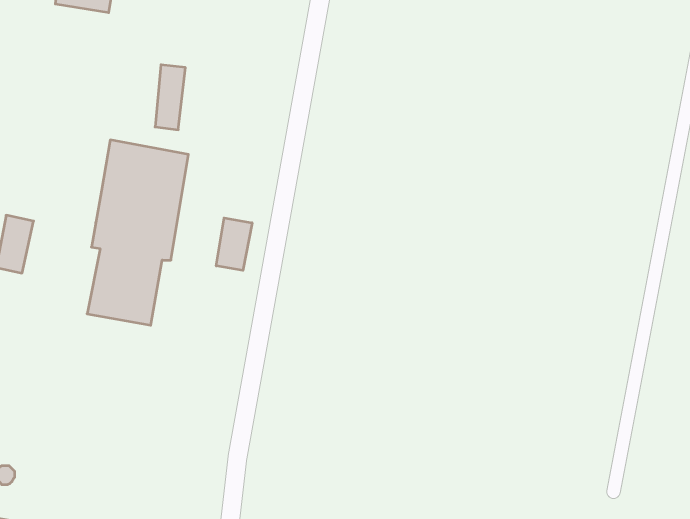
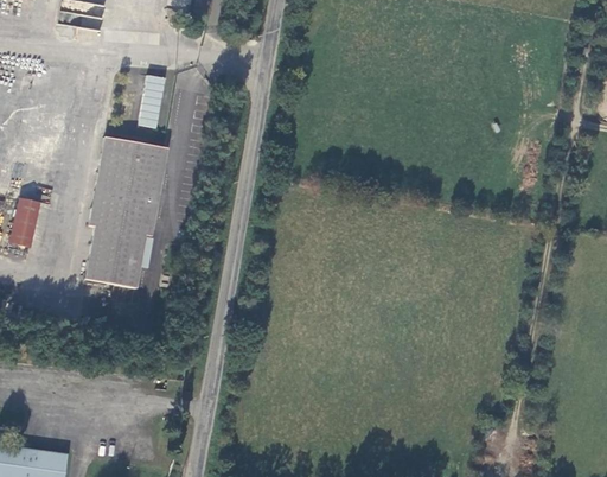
building: [216,218,252,270] -> none

